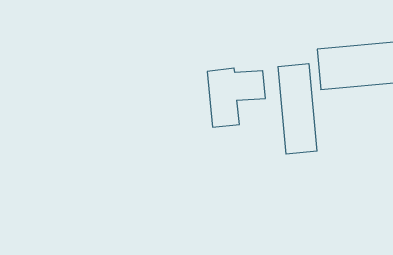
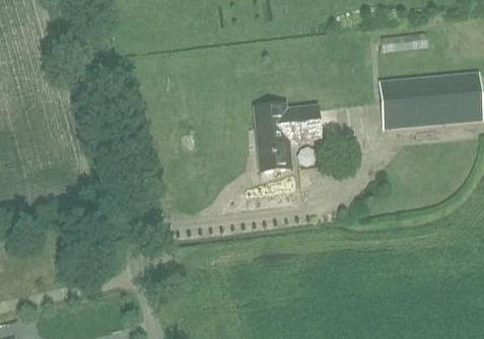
building: [278,64,317,154] -> none

